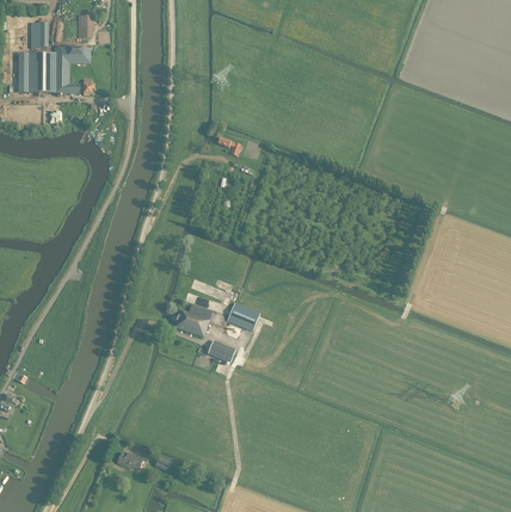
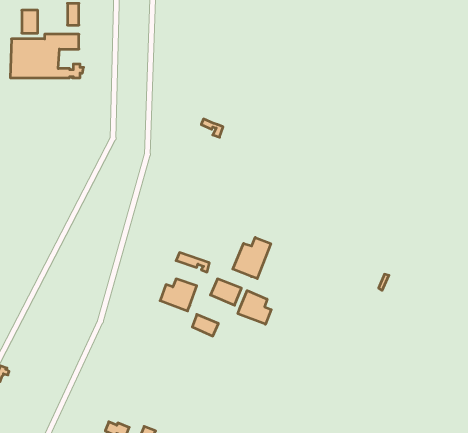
building: none -> [233,237,271,279]
building: none -> [238,291,271,324]

